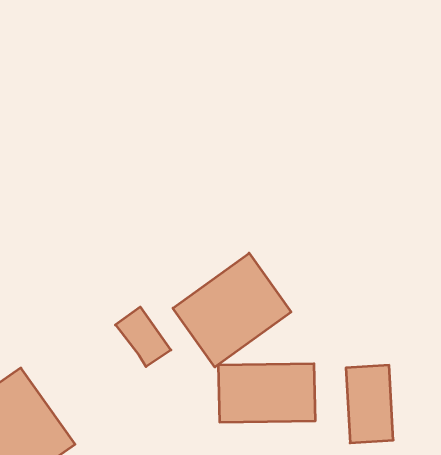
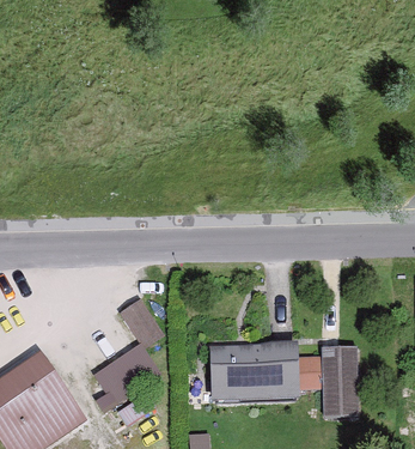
building: [173,253,291,367] -> none
building: none -> [98,341,164,404]

